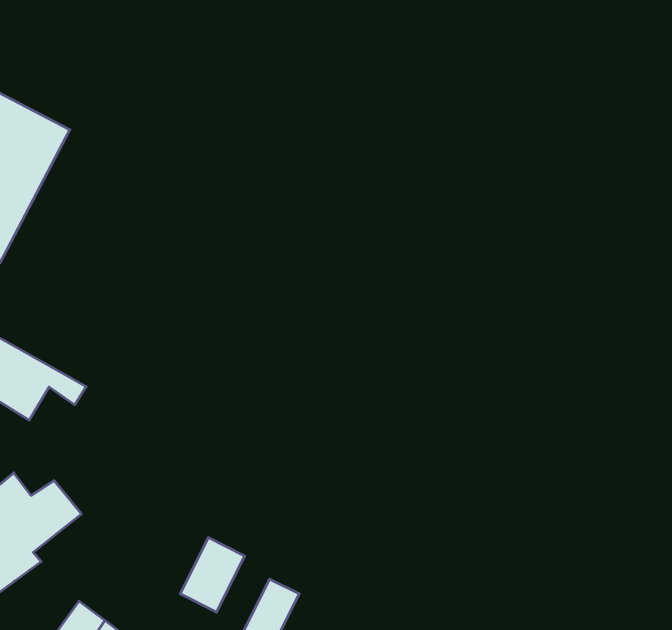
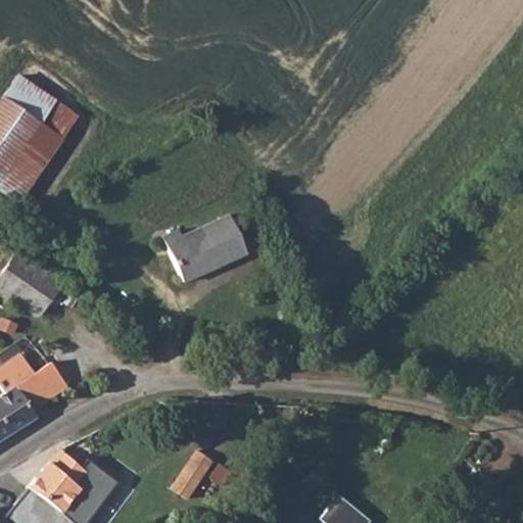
building: none -> [161,217,245,281]
building: [180,538,245,612] -> none

